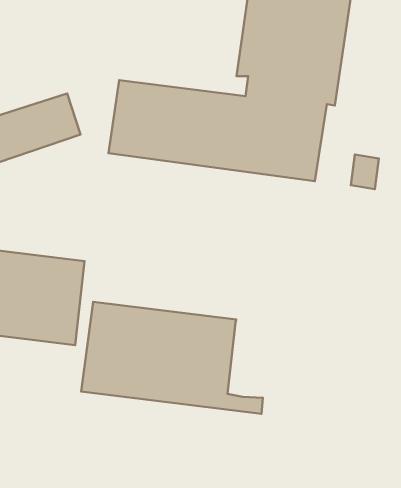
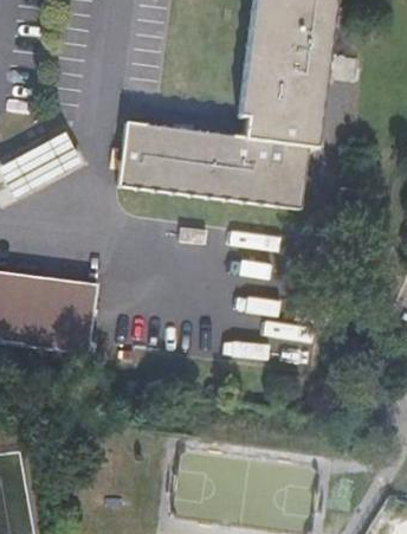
building: [81,302,263,414] -> none

